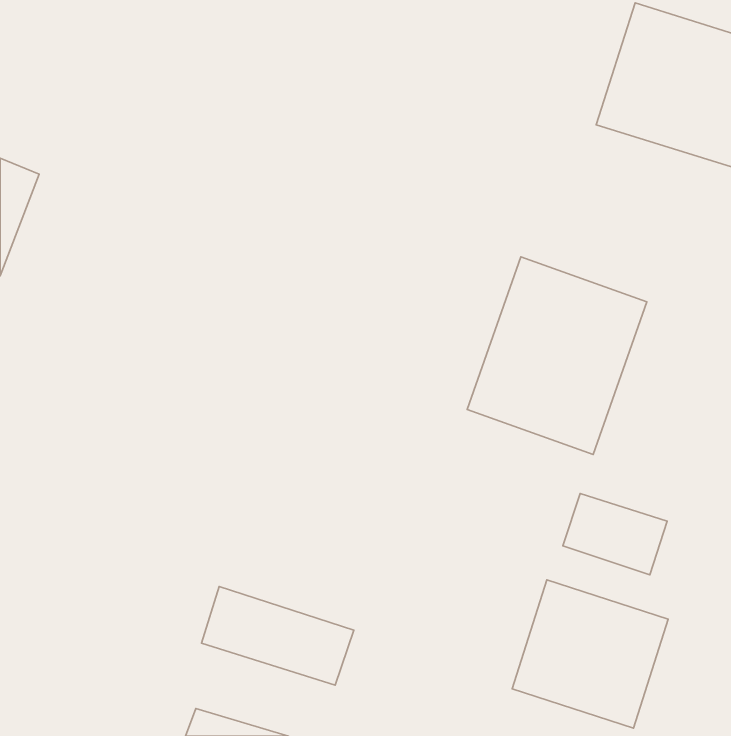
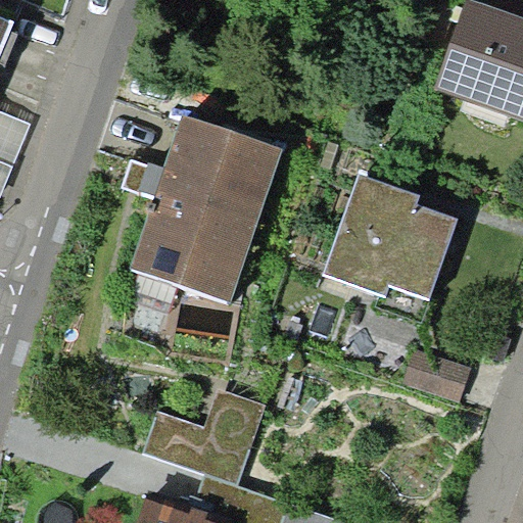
building: none -> [130,115,274,296]
building: [512,580,668,728] -> none

